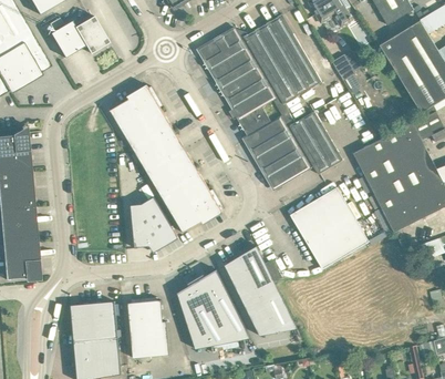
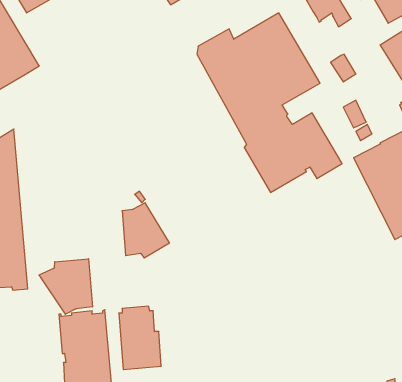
building: [50,16,108,58] -> none
building: [110,86,224,233] -> none
building: [290,187,369,269] -> none
building: [224,246,297,336] -> none
building: none -> [39,259,92,314]
building: [176,270,250,348] -> none

